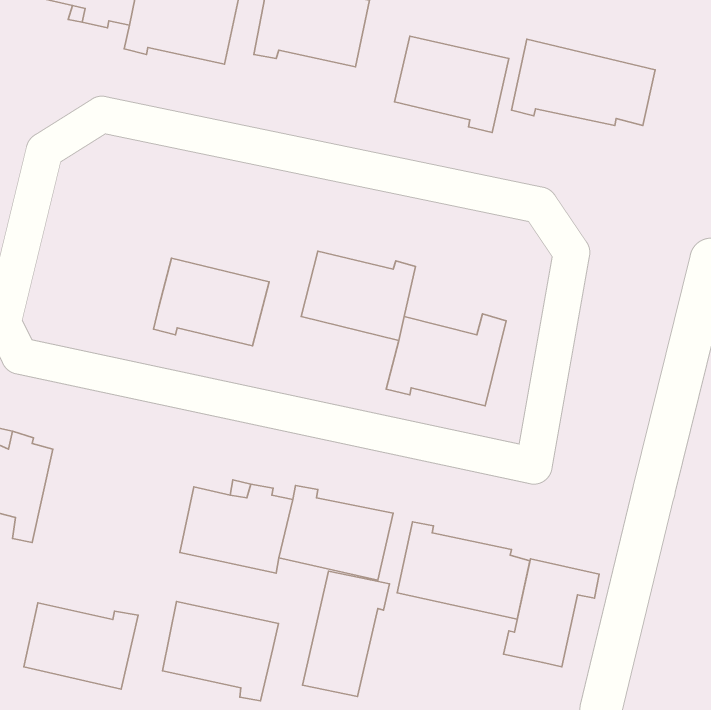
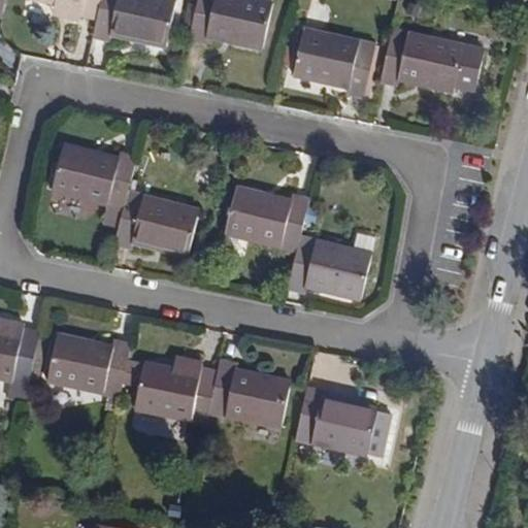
building: none -> [51,141,136,227]
building: [503,559,599,667] -> none
building: [302,571,389,697] -> none
building: [162,601,279,701] -> none
building: [24,603,138,689] -> [46,333,131,397]

